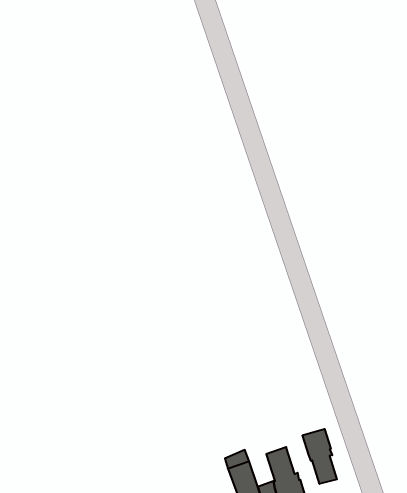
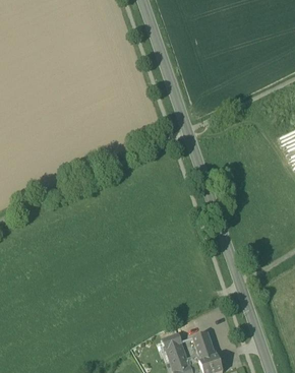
building: [303,429,337,484] -> none

